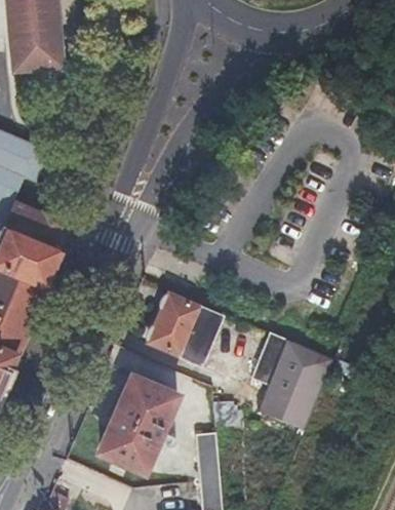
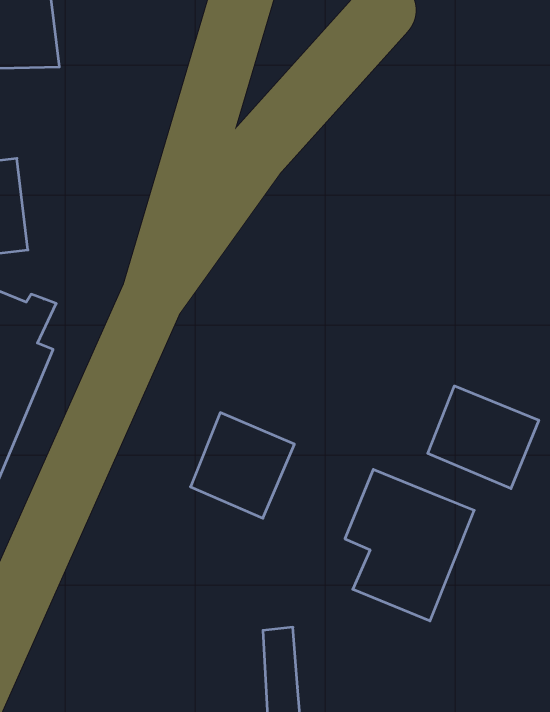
building: none -> [428,386,539,489]
building: [103,380,177,473] -> none

